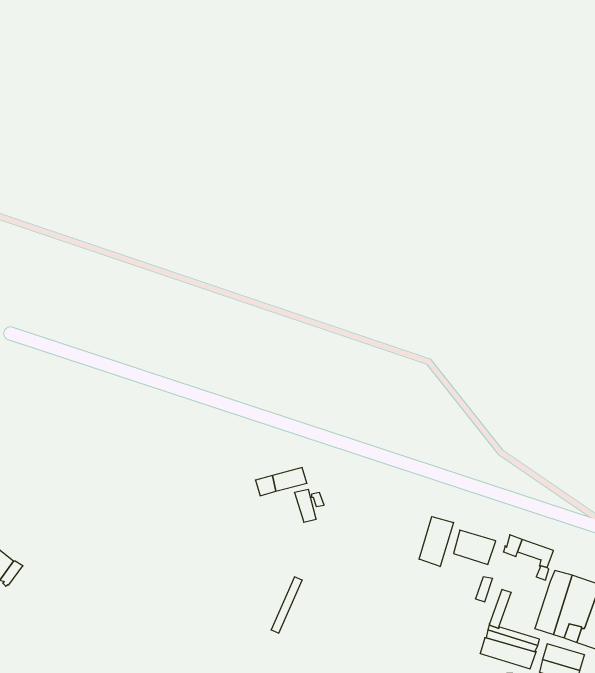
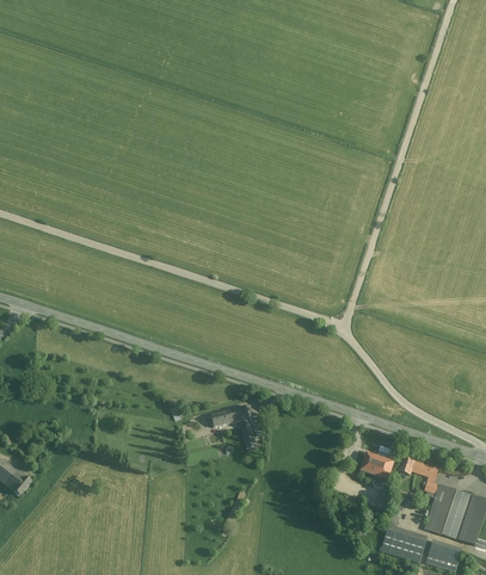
building: [419,517,454,567] -> none

